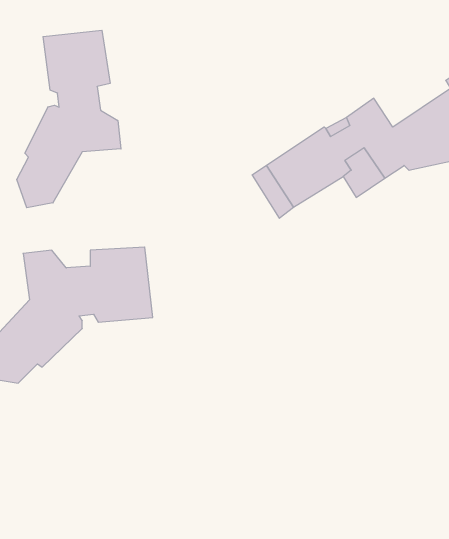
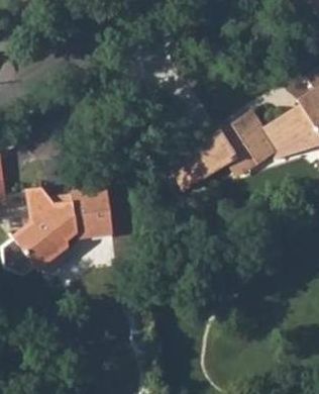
building: [17,30,121,208] -> none

